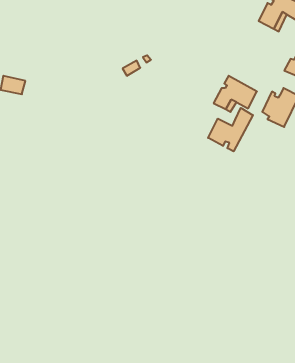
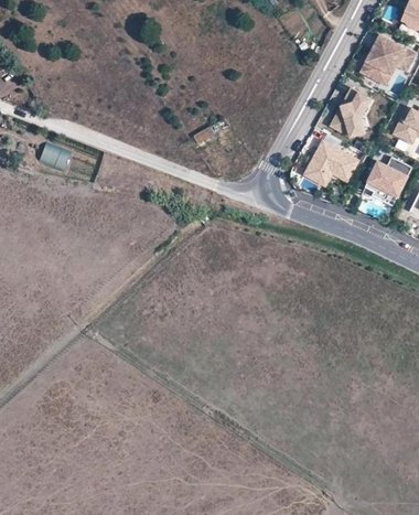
building: none -> [331,88,370,137]
building: [208,108,253,151] -> none

